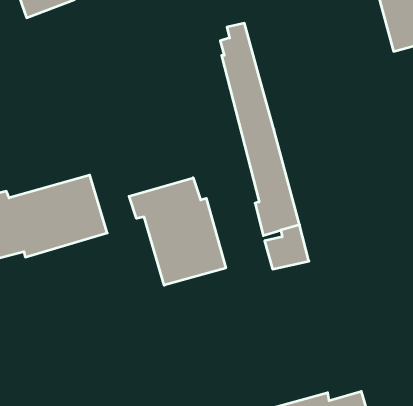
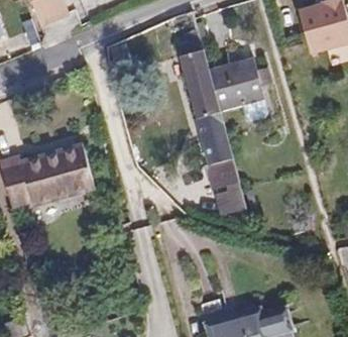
building: none -> [208,59,269,121]
building: [129,178,226,285] -> none

